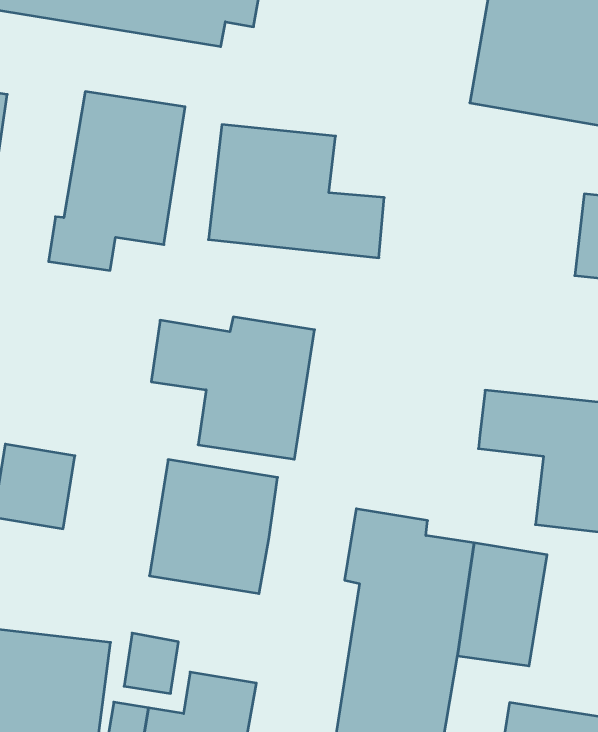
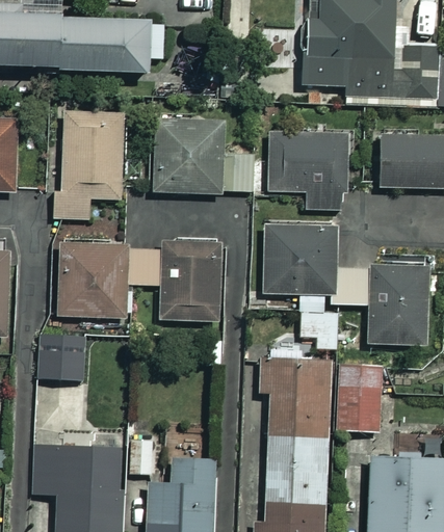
building: none -> [268,131,345,209]
building: none -> [263,225,338,348]
building: [149,460,278,594] -> [55,242,127,318]

